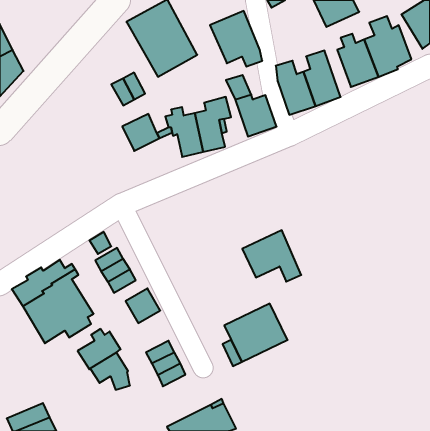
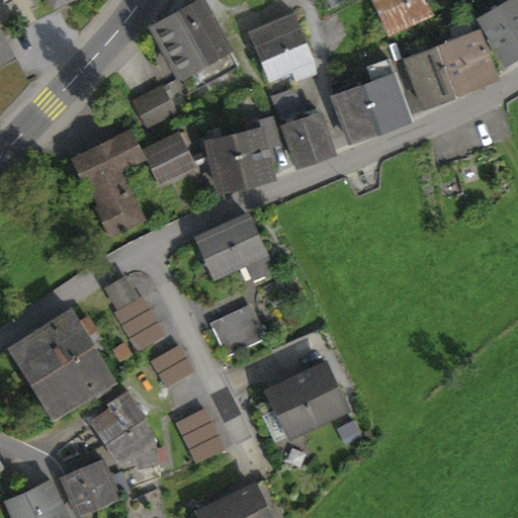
building: none -> [76,133,140,232]
building: [242,230,301,282] -> [200,215,271,277]
building: none -> [211,312,261,357]
building: none -> [64,460,125,513]

